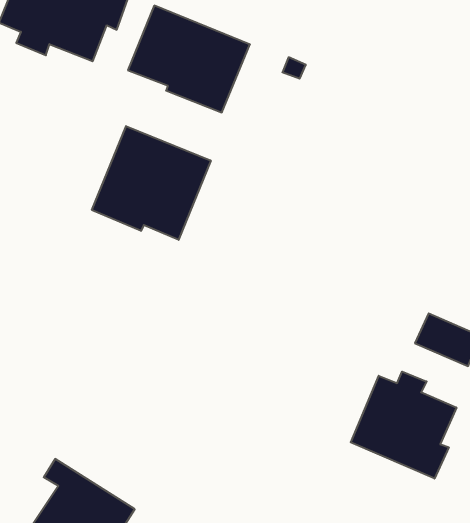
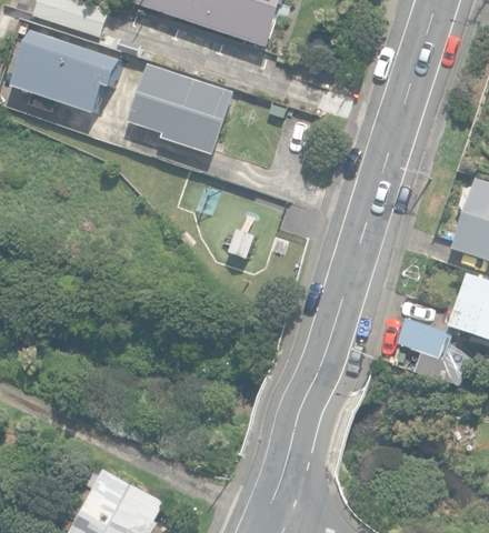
building: [92,126,211,240] -> none
building: [351,372,456,479] -> none

